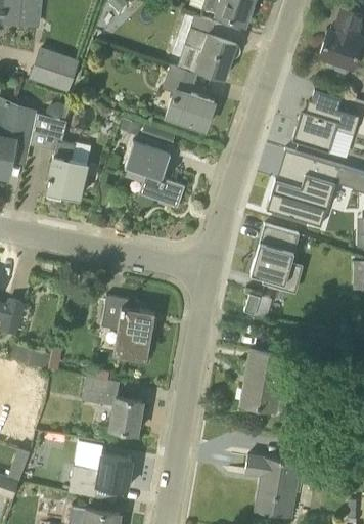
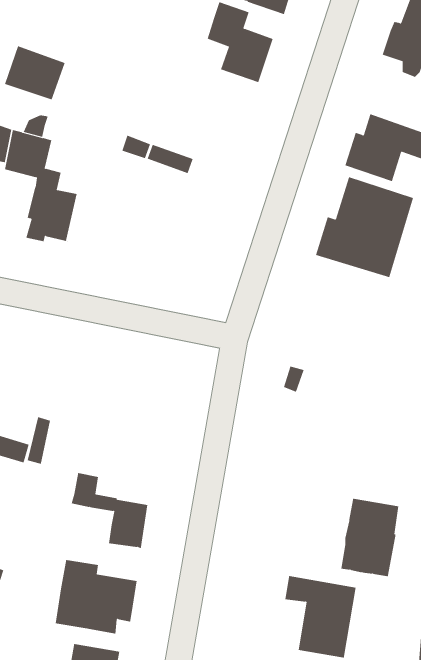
building: [164,66,214,130] -> none
building: [124,140,184,207] -> none
building: [249,225,299,287] -> none
building: [100,296,154,356] -> none
building: [240,351,285,411] -> [341,498,399,577]

